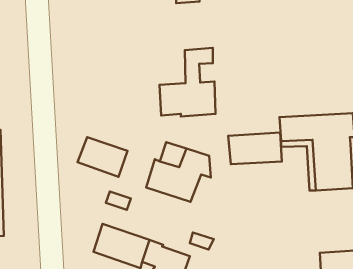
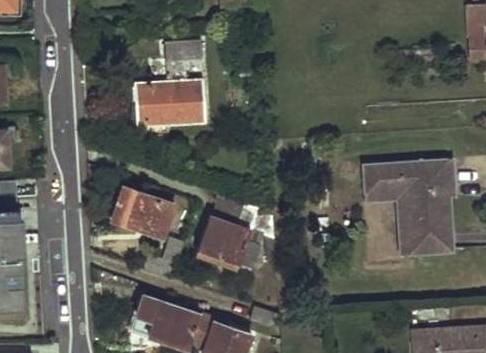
building: [160,48,215,116] -> [135,37,204,122]
building: [228,133,282,164] -> none

